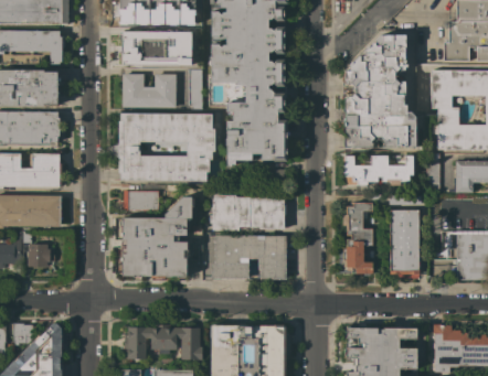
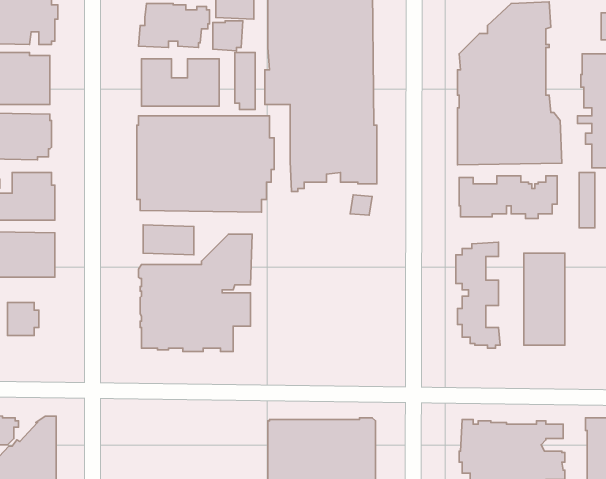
building: [210,195,286,230] -> none
building: [211,235,286,279] -> none
building: [125,324,203,361] -> none

